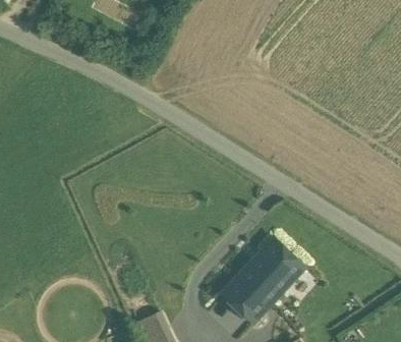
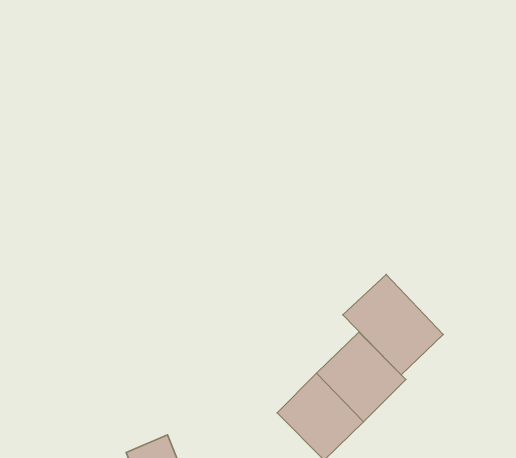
building: none -> [343,275,443,375]

